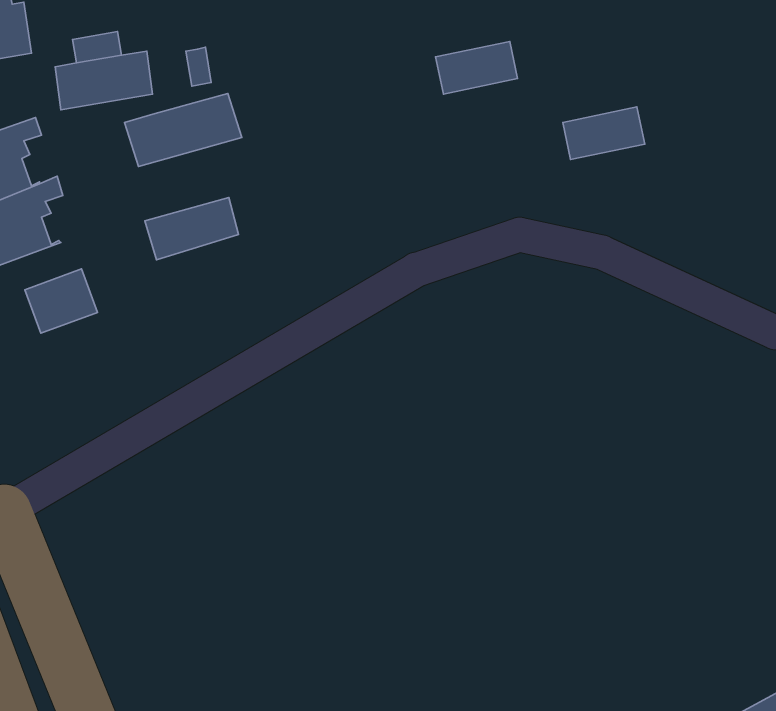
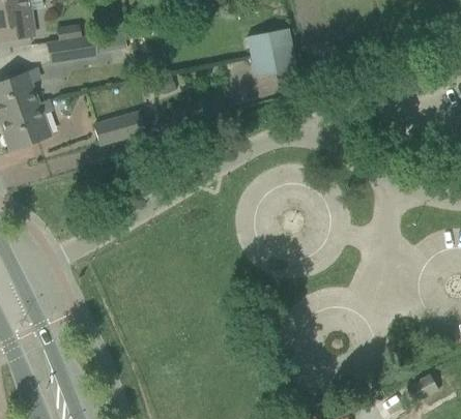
building: [124,94,242,166] -> none
building: [563,107,645,160] -> [252,49,295,77]
building: [25,269,97,333] -> none

